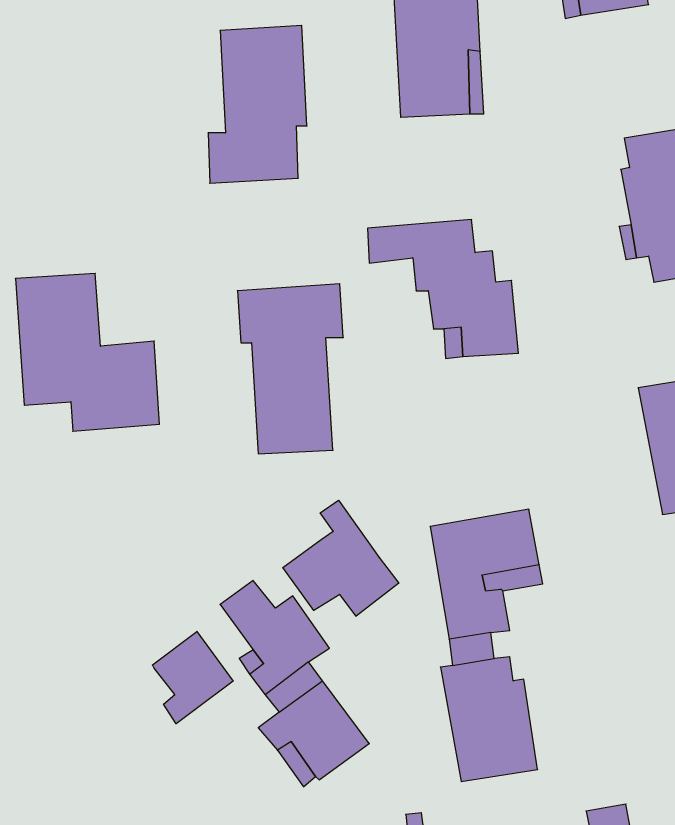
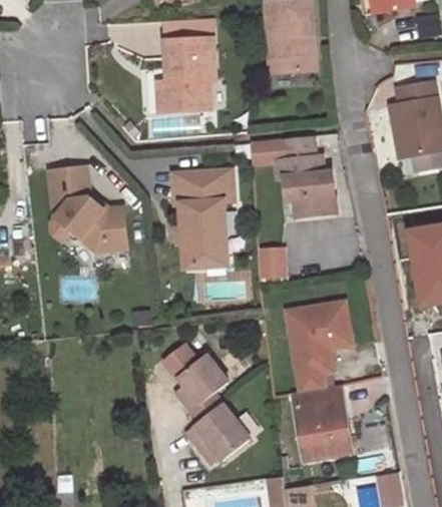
building: none -> [256,247,286,281]
building: [283,500,399,616] -> none
building: [152,631,233,724] -> none

